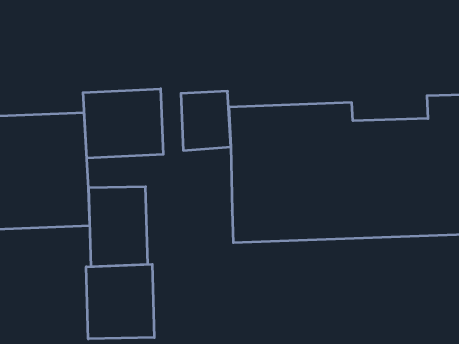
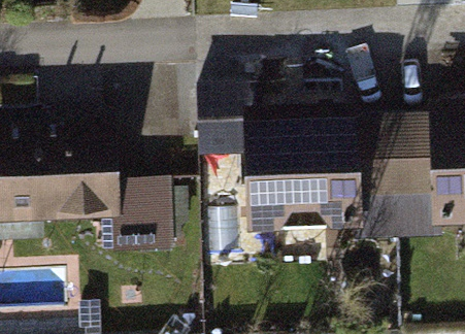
building: [83,89,163,158] -> none
building: [86,264,154,339] -> none

